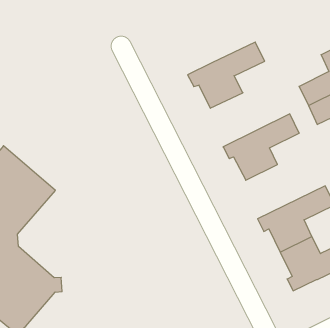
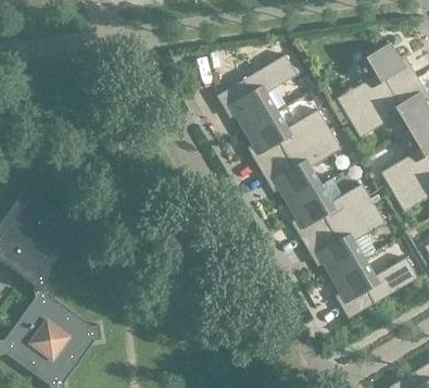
building: none -> [242,108,328,168]
building: none -> [287,182,373,242]

